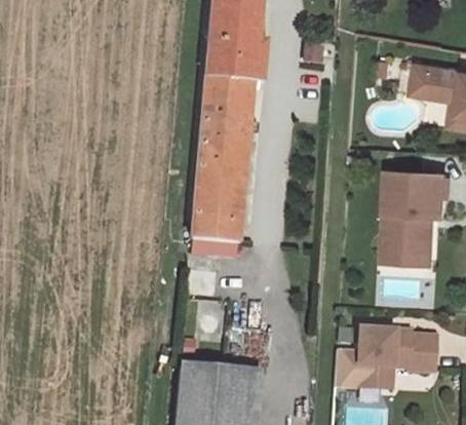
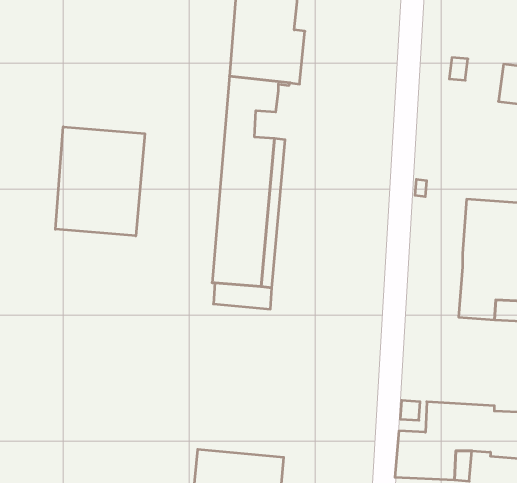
building: none -> [55,127,145,236]

